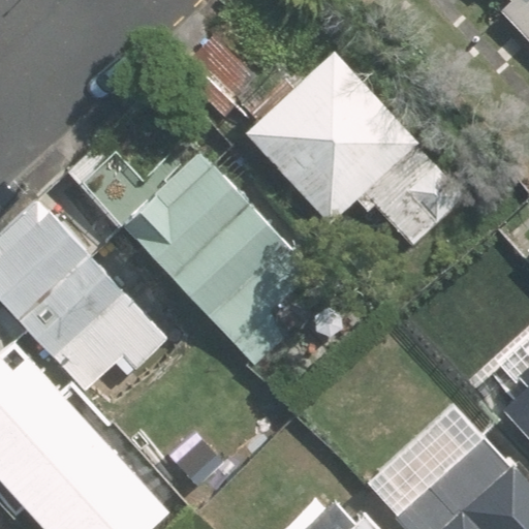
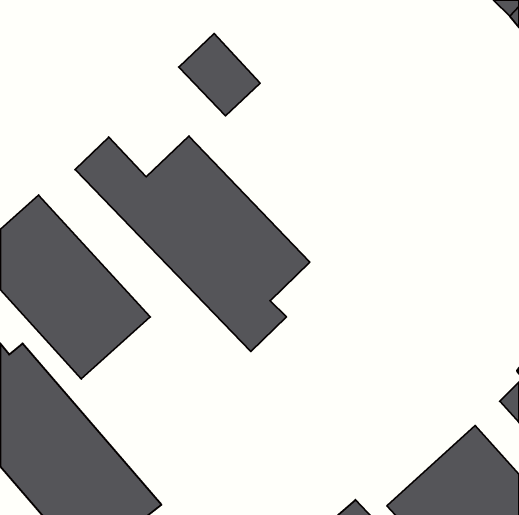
building: [247,51,465,242] -> none

